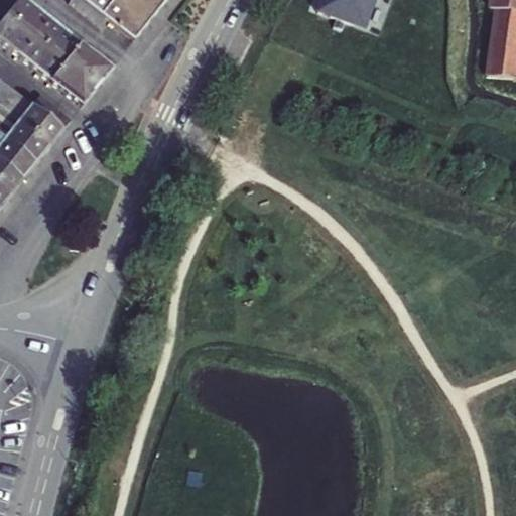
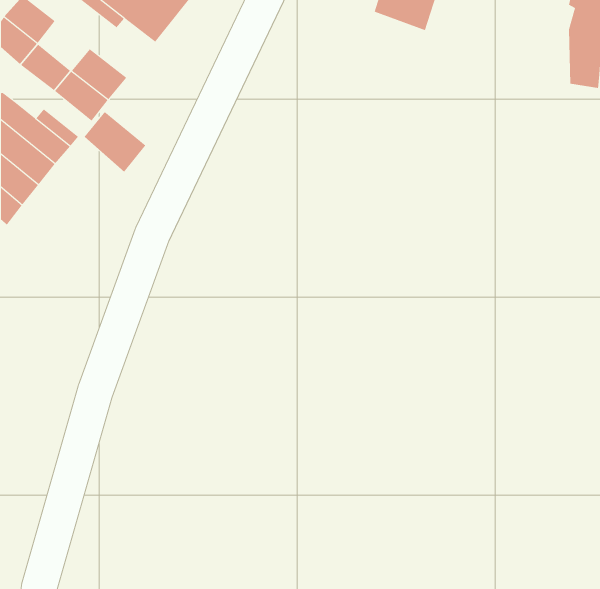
building: [34,18,79,60] -> none
building: none -> [84,111,146,172]

